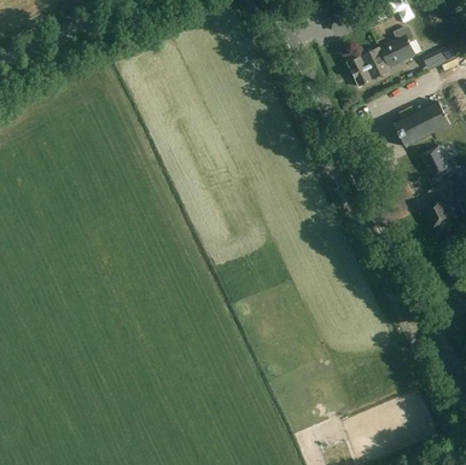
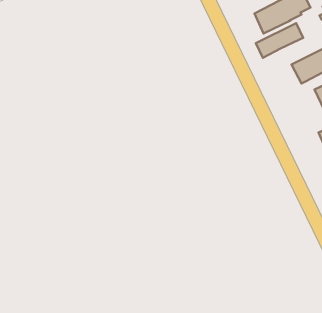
building: none -> [256,23,303,58]

